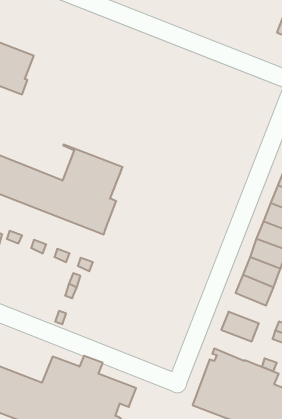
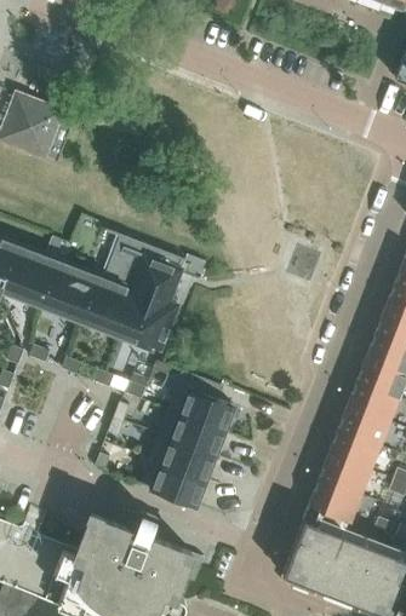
building: none -> [142,373,234,506]
building: none -> [330,430,381,471]
building: none -> [310,479,361,522]

